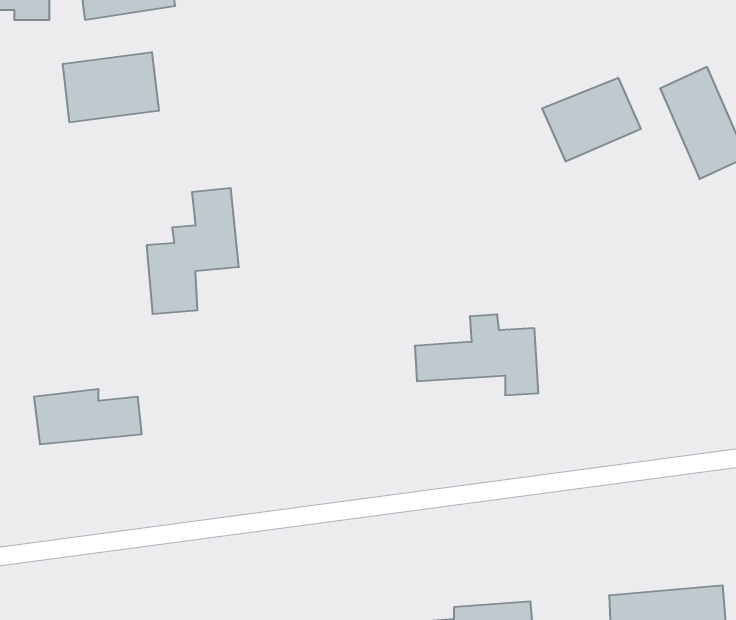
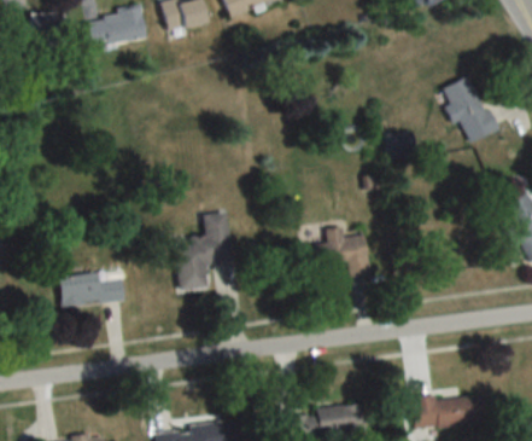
building: [63,52,159,122] -> none
building: [542,78,641,162] -> none
building: [147,188,239,314] -> [176,213,233,290]

